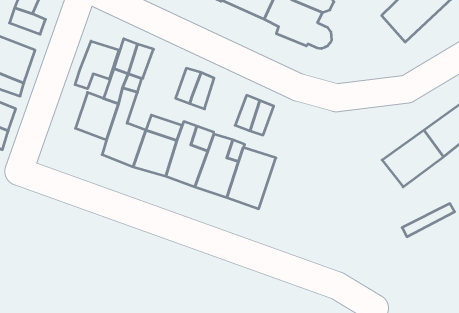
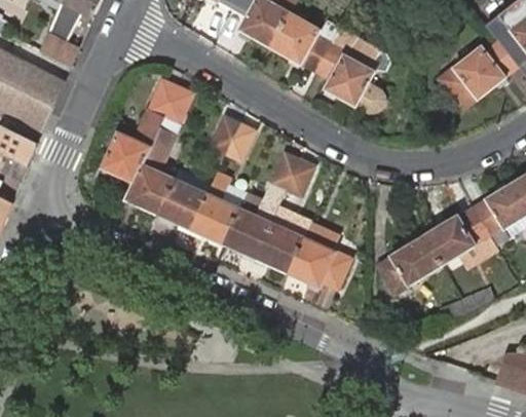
building: [75,41,119,89] -> none
building: none -> [287,221,350,289]
building: none -> [374,234,443,294]

